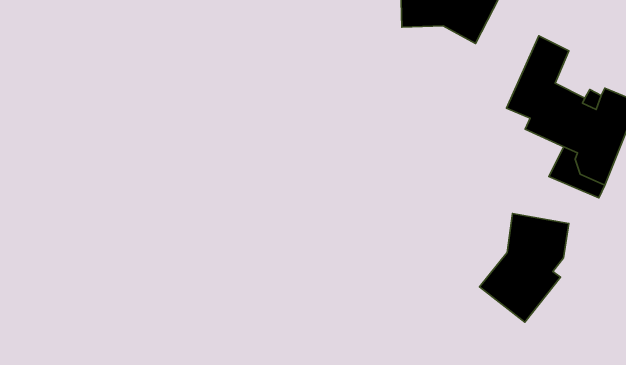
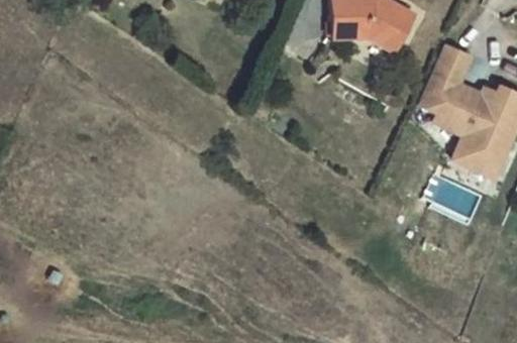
building: [479,214,569,322] -> none

